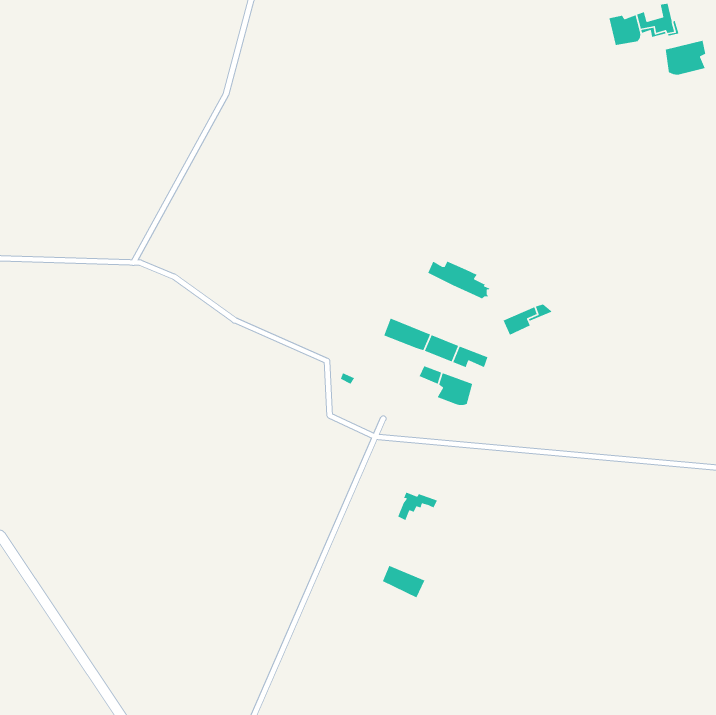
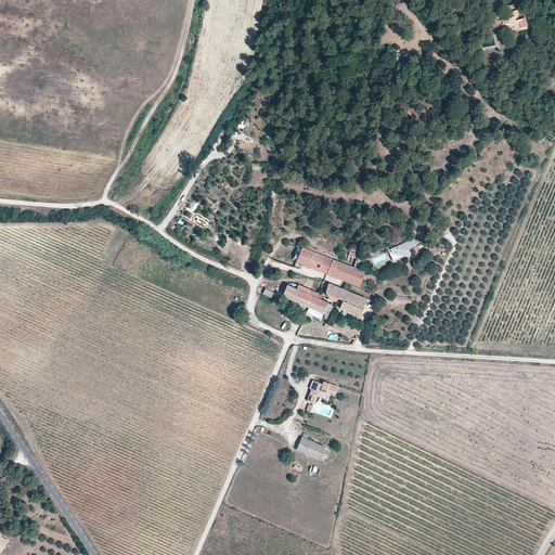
building: [609,14,641,46] -> none
building: [665,40,706,75] -> none
building: [427,261,492,300] -> [283,285,333,315]

